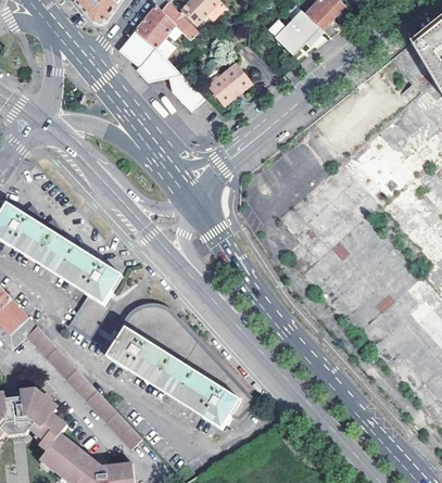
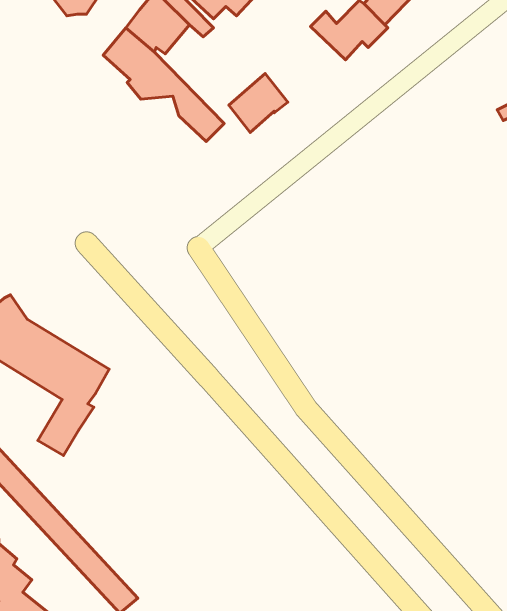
building: [103,305,252,428] -> none

